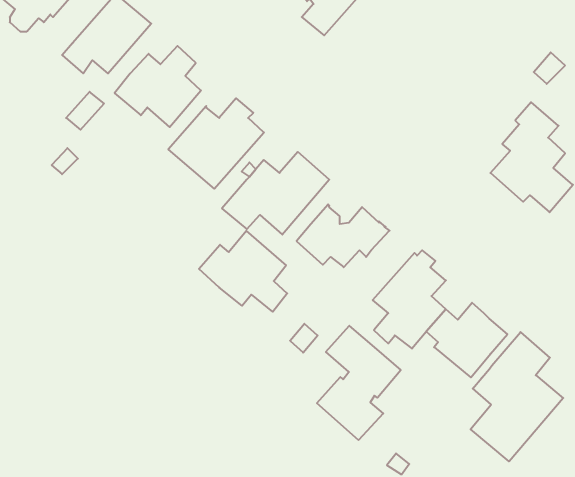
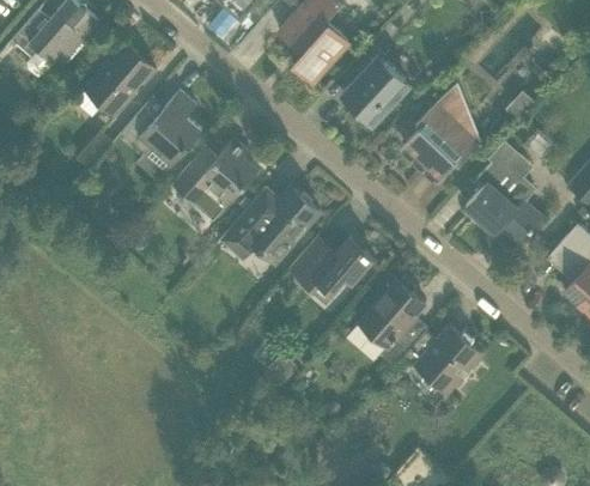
building: none -> [343,56,408,122]
building: none -> [401,81,481,181]
building: [199,231,287,312] -> none
building: [317,326,401,440] -> none
building: [471,332,563,461] -> none

